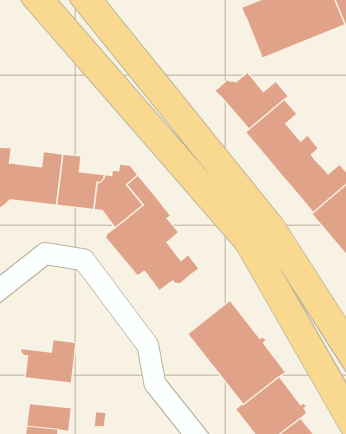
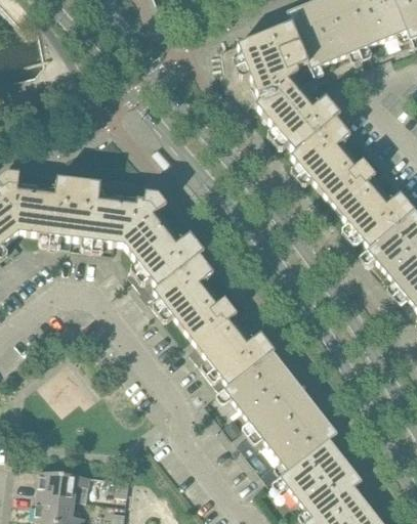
building: none -> [219,21,308,107]
building: none -> [191,318,276,391]
building: [21,339,76,383] -> none

